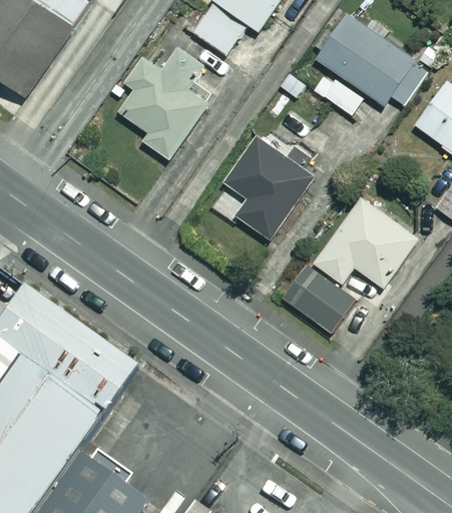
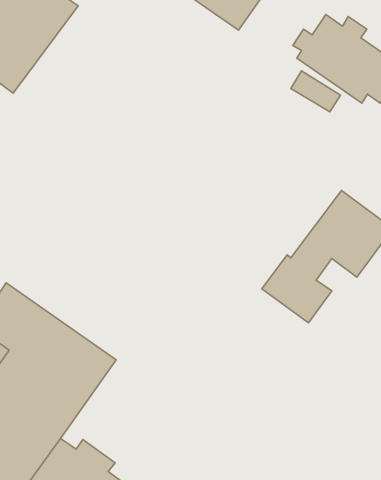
building: [184,6,244,53] -> none
building: [118,48,215,160] -> none
building: [224,137,315,239] -> none

